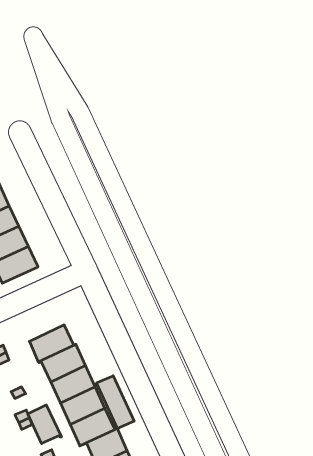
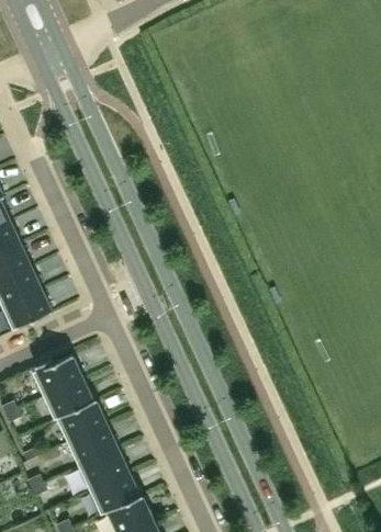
building: none -> [32,355,82,397]
building: [97,376,134,428] -> none
building: [28,405,61,444] -> none

